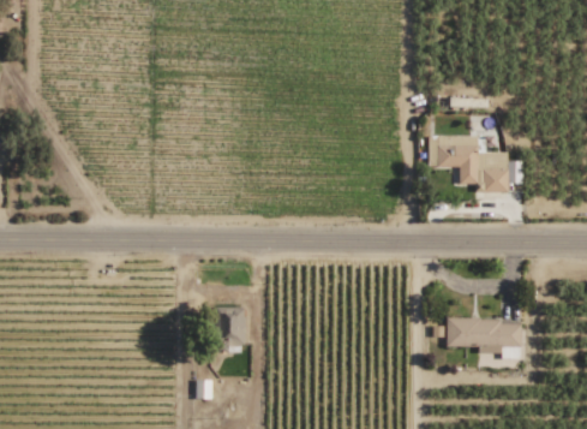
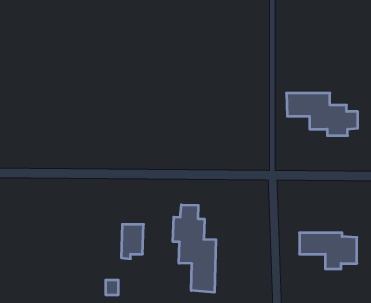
building: none -> [173,205,216,292]

